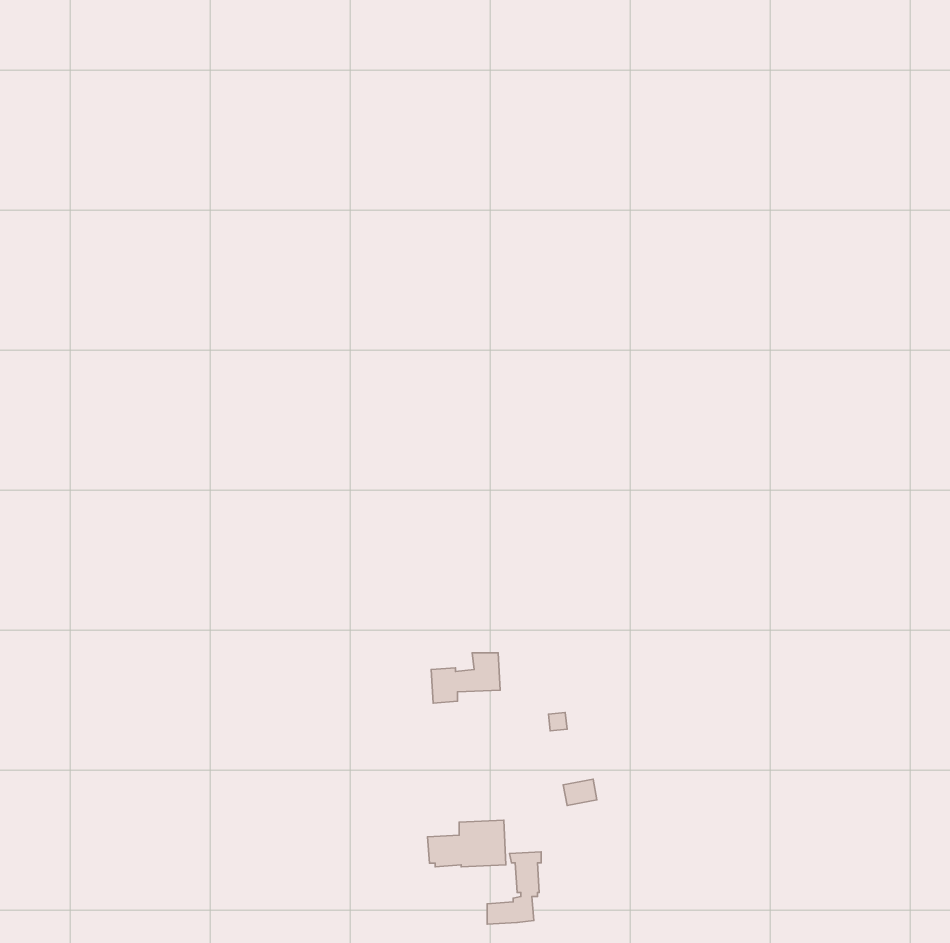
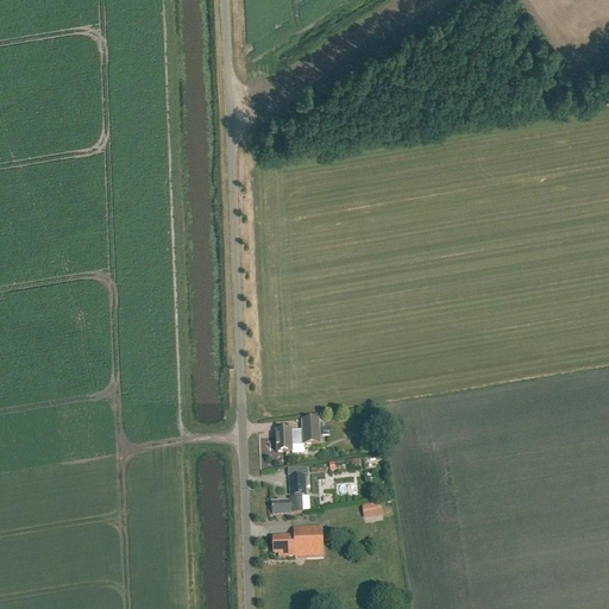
building: [487,852,541,924] -> [272,465,307,511]

